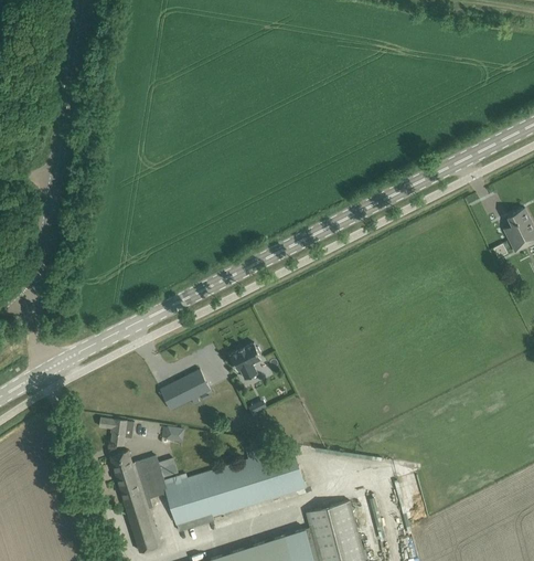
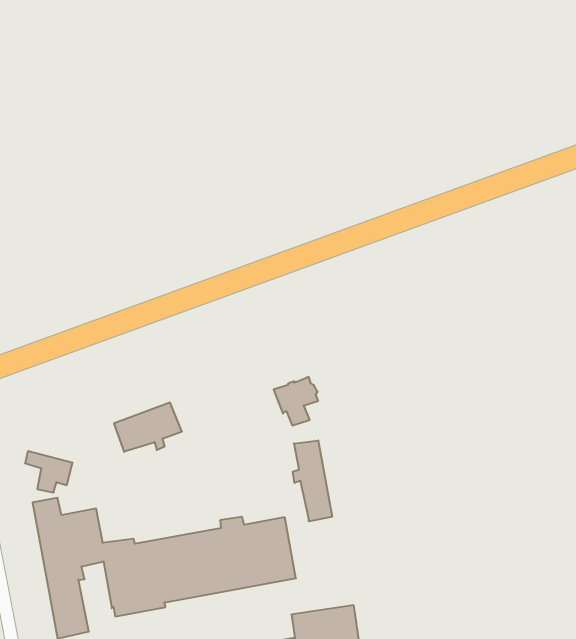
building: [228,345,261,381] -> [274,377,318,425]
building: none -> [293,440,332,521]

